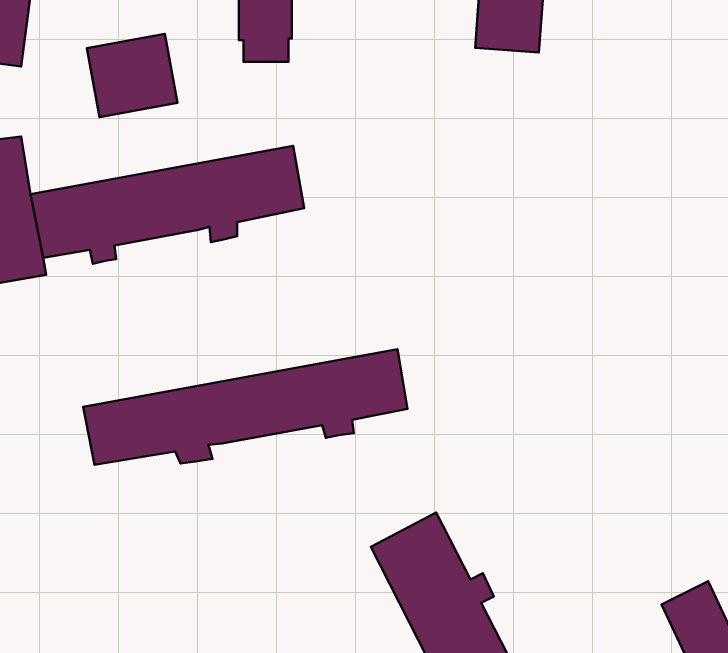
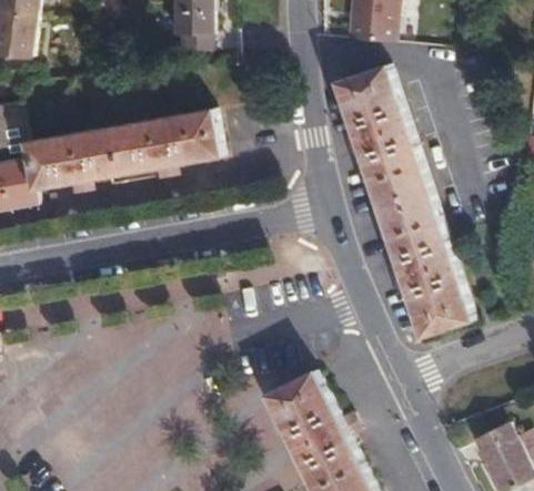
building: [87,34,177,117] -> none
building: none -> [335,63,471,337]
building: [83,349,408,465] -> none

